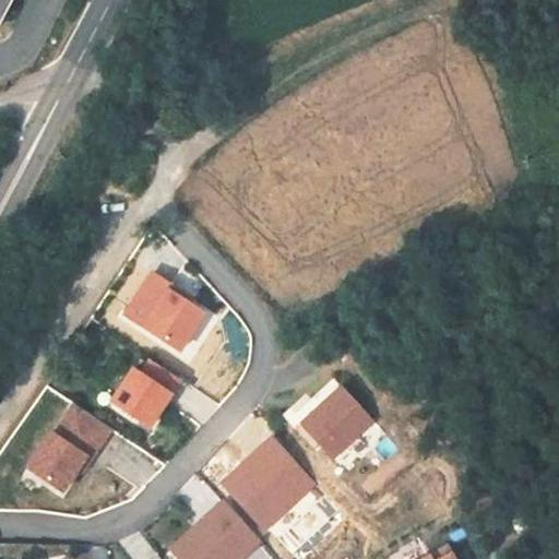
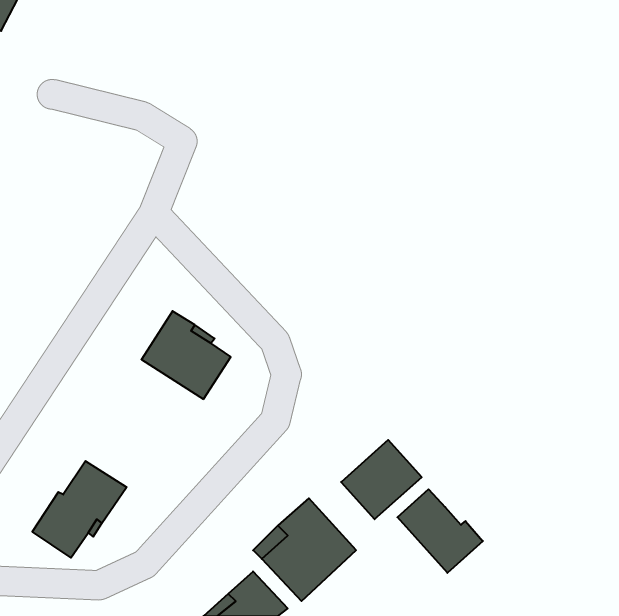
building: [111,360,180,427] -> none
building: none -> [397,489,483,573]

